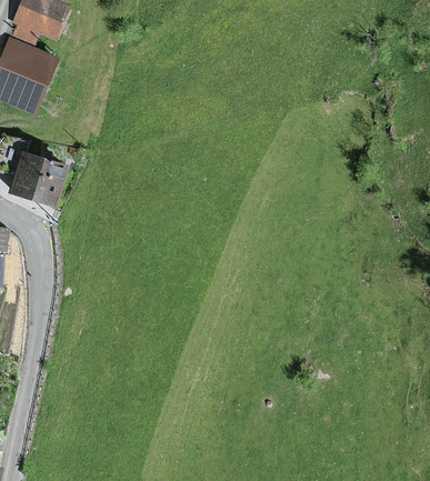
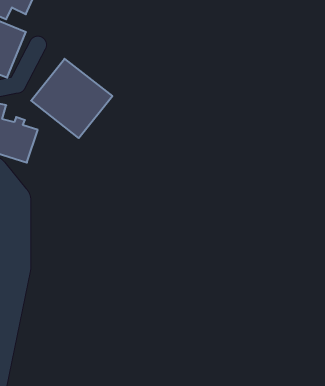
building: none -> [31,59,112,138]

